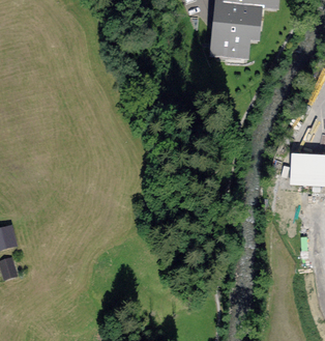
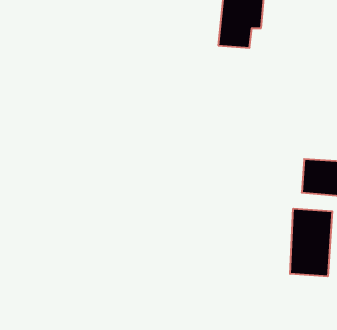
building: none -> [290,209,332,276]

